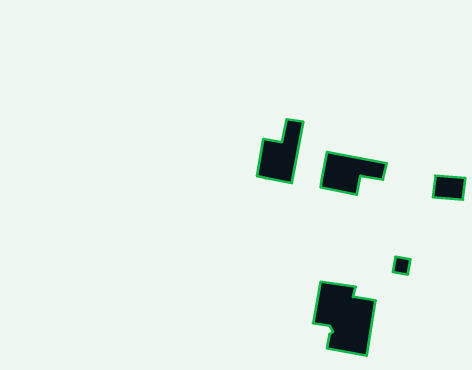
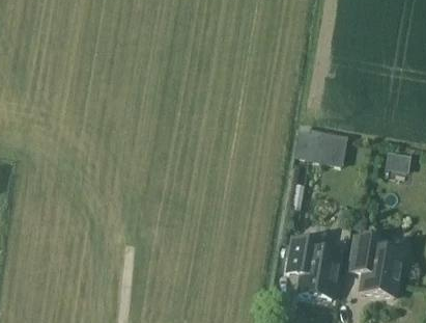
building: [257,119,303,183] -> none
building: none -> [350,235,402,296]

